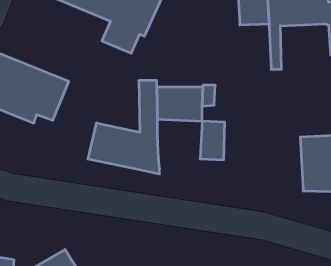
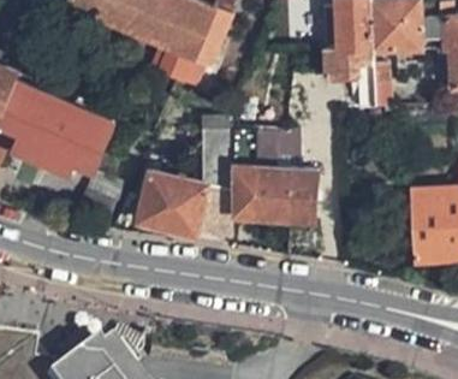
building: none -> [319,49,373,108]
building: none -> [228,171,285,221]

